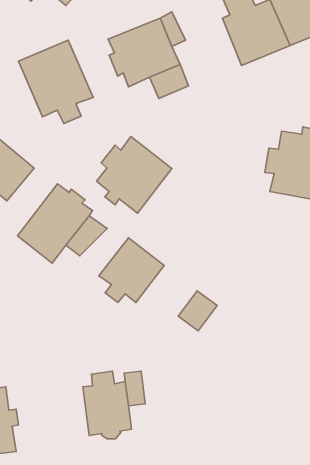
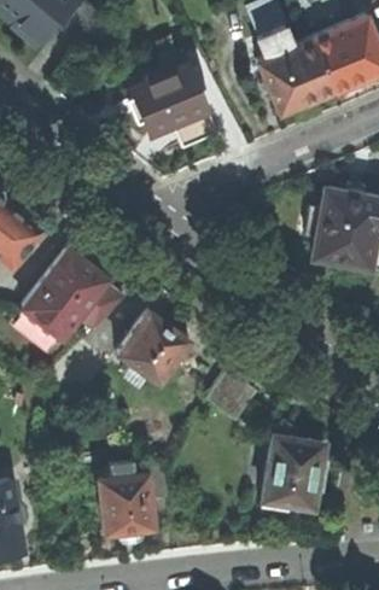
building: [19,40,93,123] -> none
building: [97,136,172,213] -> none
building: none -> [262,436,325,509]

